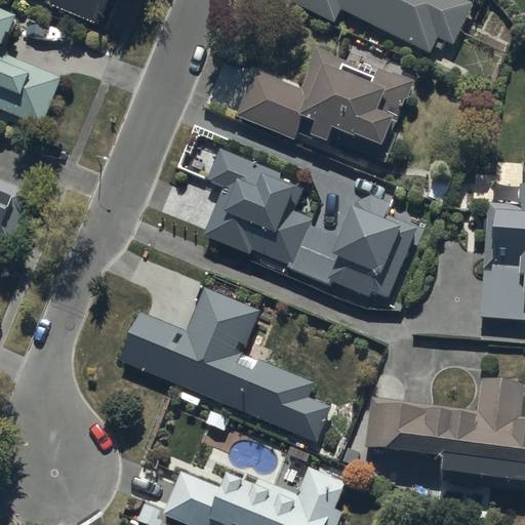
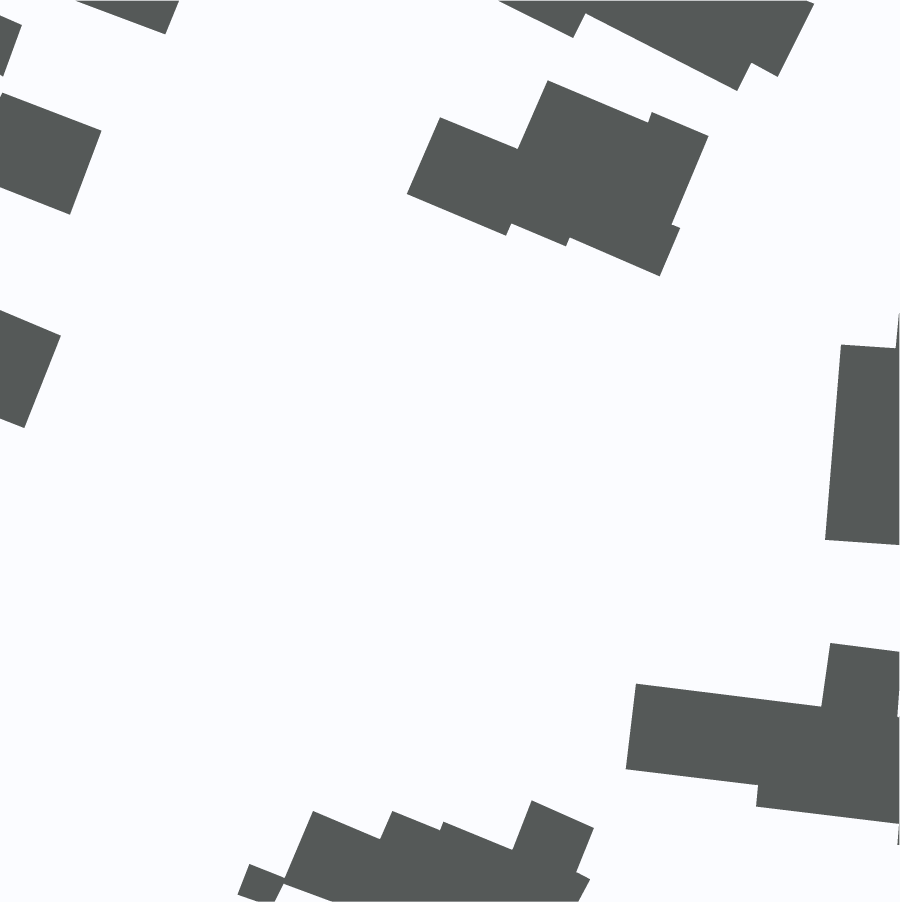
building: [203,148,420,298] -> none
building: [120,287,330,441] -> none

